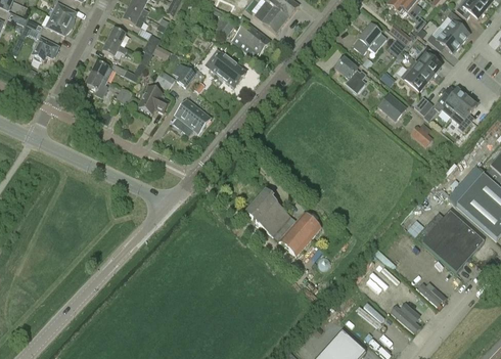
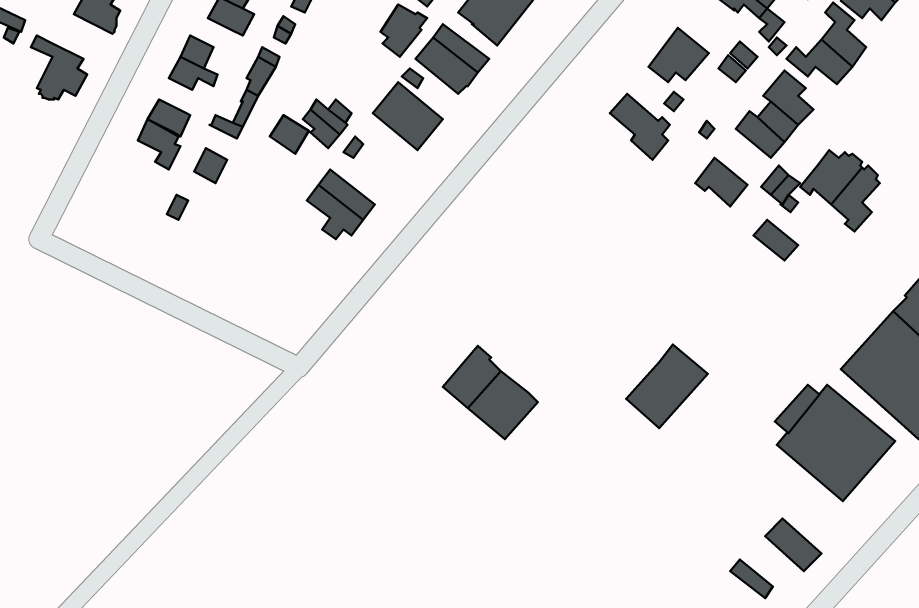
building: [40,15,72,39] -> none
building: [138,85,169,113] -> none
building: [278,211,321,255] -> [626,345,708,428]

